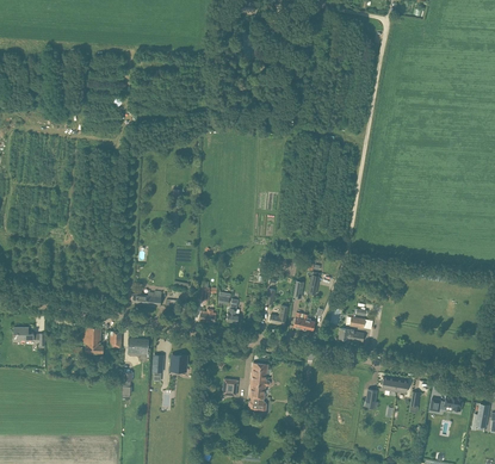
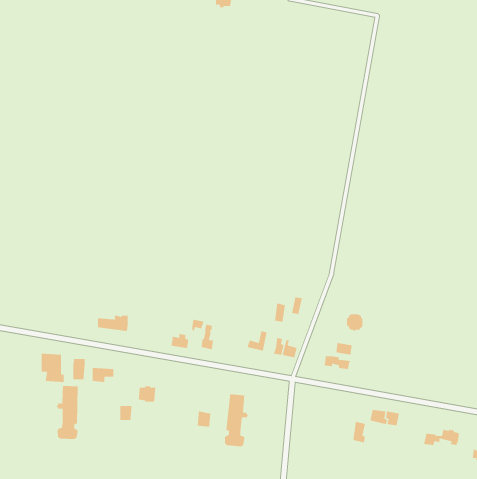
building: none -> [56,385,78,440]

